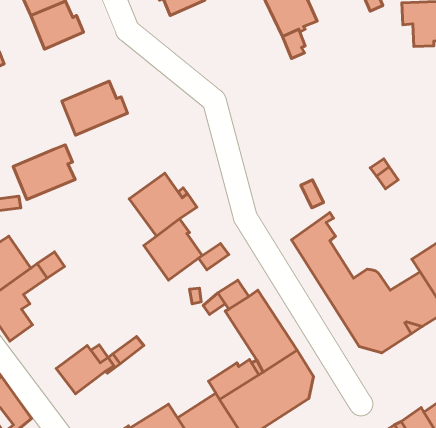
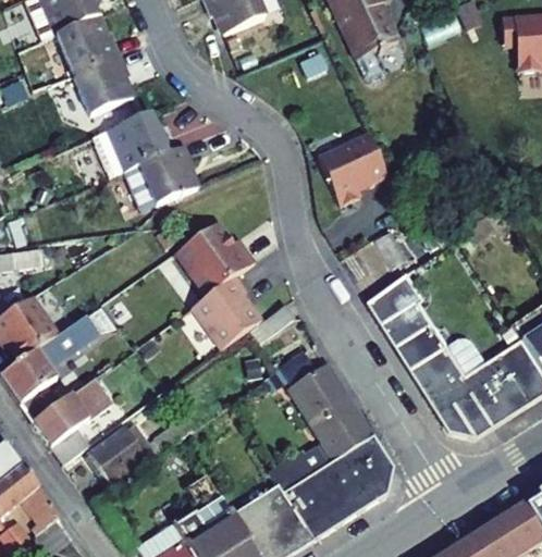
building: none -> [73,53,132,113]
building: none -> [318,135,387,206]
building: [13,145,75,199] -> [123,145,197,210]
building: none -> [32,370,113,463]

